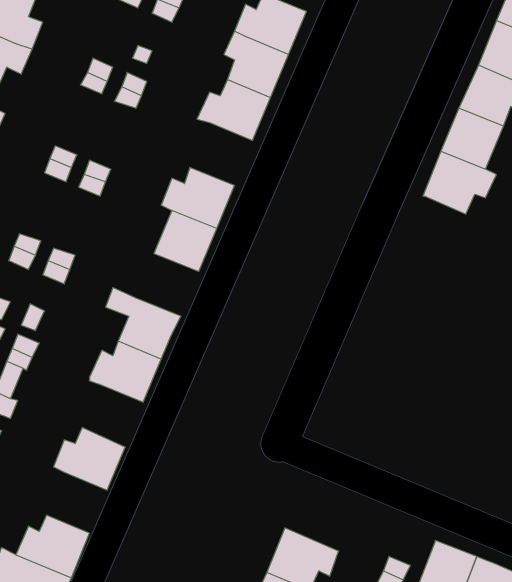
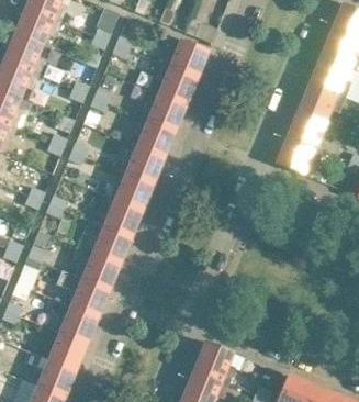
building: none -> [135,116,175,157]
building: none -> [103,199,142,237]
building: none -> [56,269,108,317]
building: none -> [48,333,86,370]
building: none -> [194,340,234,381]

